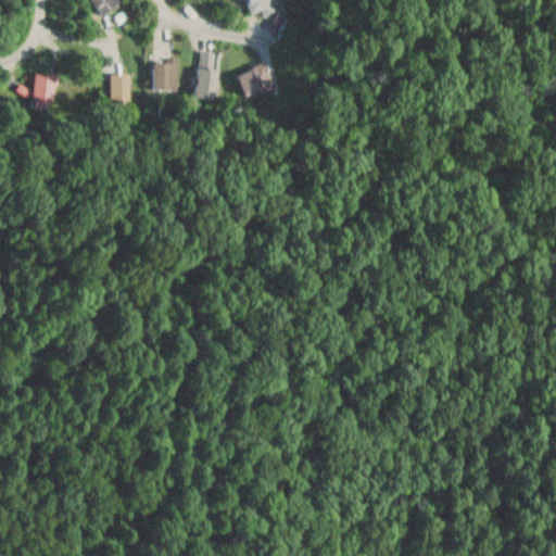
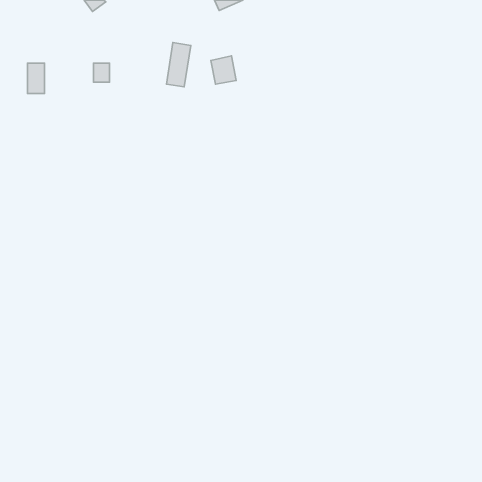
building: [150,58,177,91] -> none

